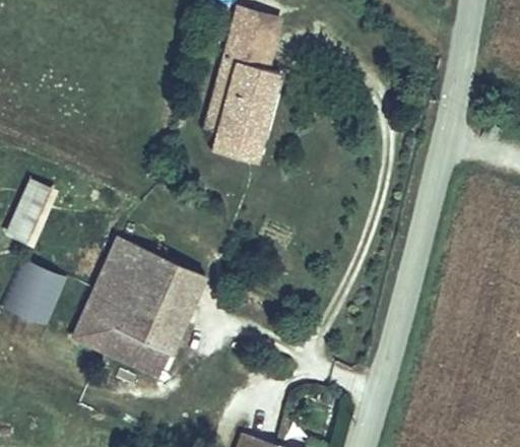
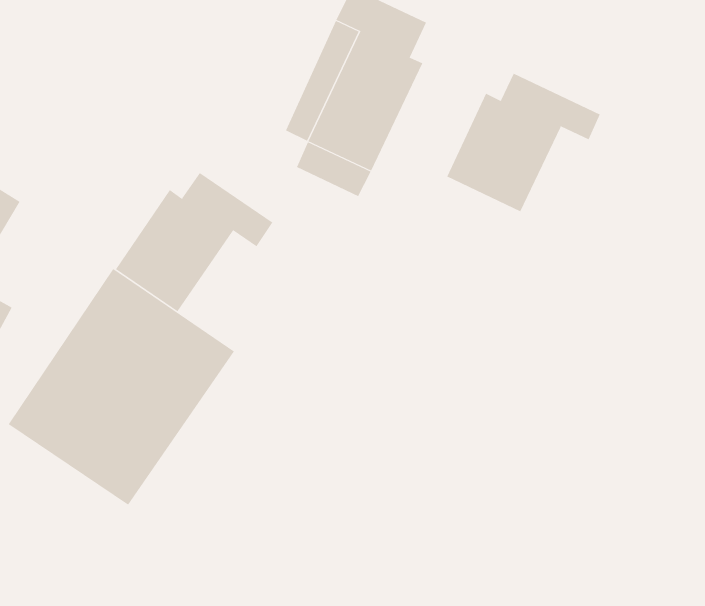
building: none -> [446,73,601,212]
building: none -> [115,172,273,312]

